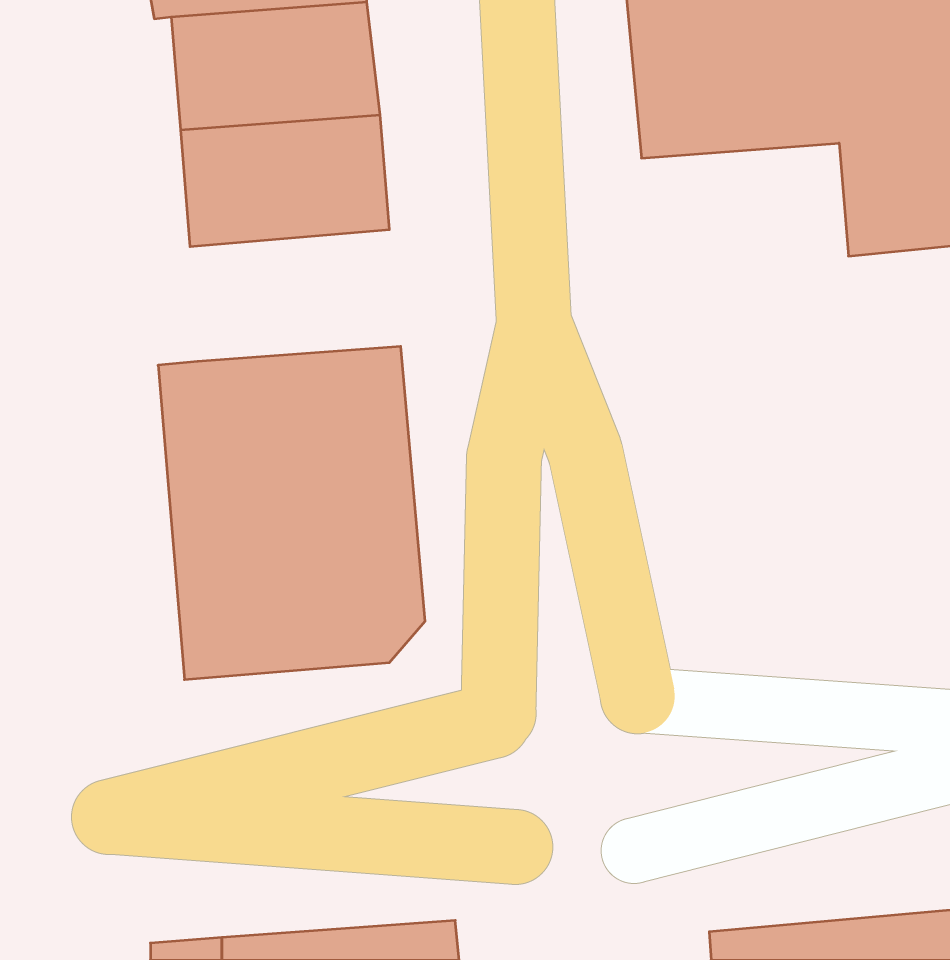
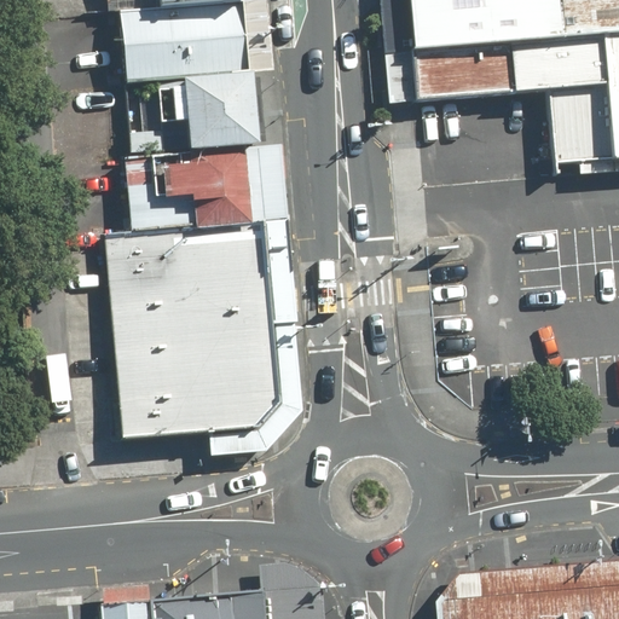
building: none -> [129,147,265,232]

